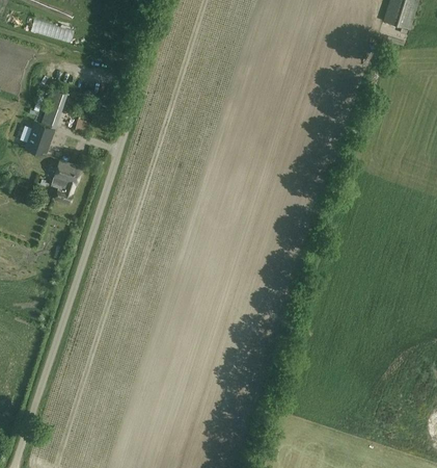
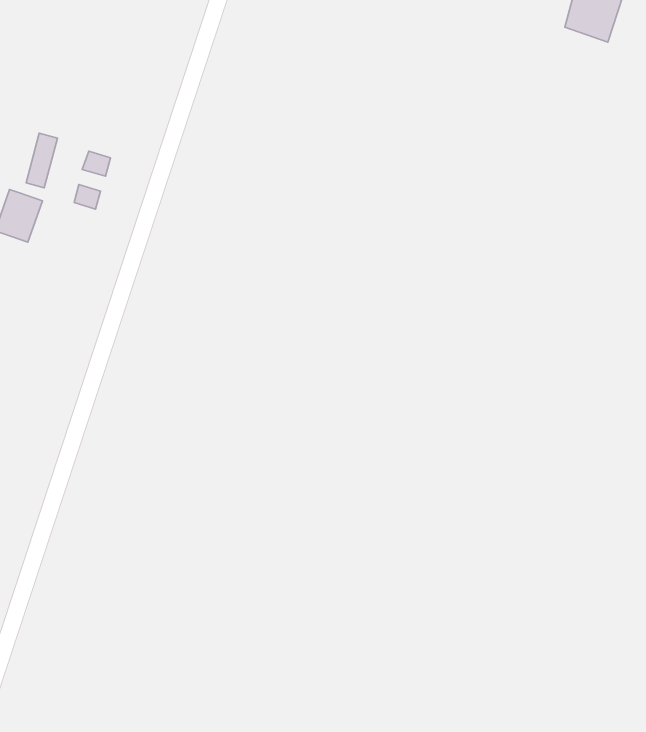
building: [50,159,81,203] -> none

